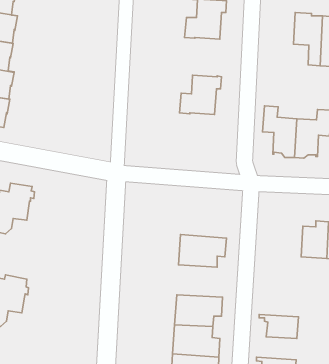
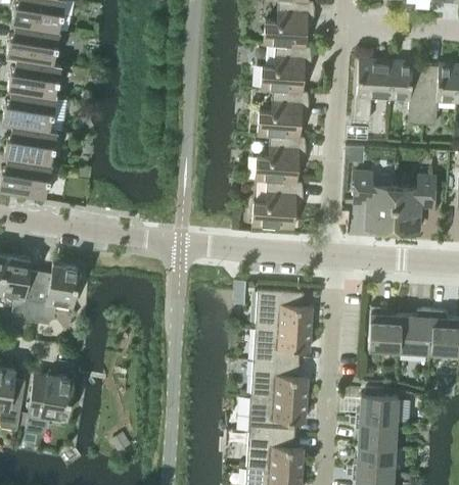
building: none -> [355,59,393,122]
building: none -> [258,91,308,138]
building: none -> [253,181,302,229]
building: none -> [256,290,312,330]
building: none -> [368,307,402,352]
building: none -> [251,361,308,400]
building: none -> [350,389,399,424]
building: none -> [347,447,395,475]

